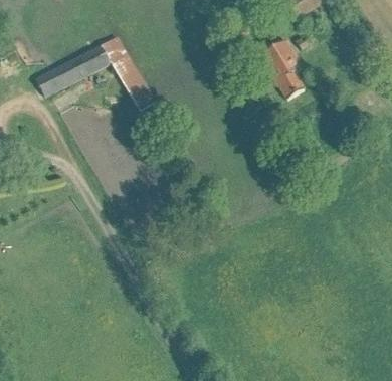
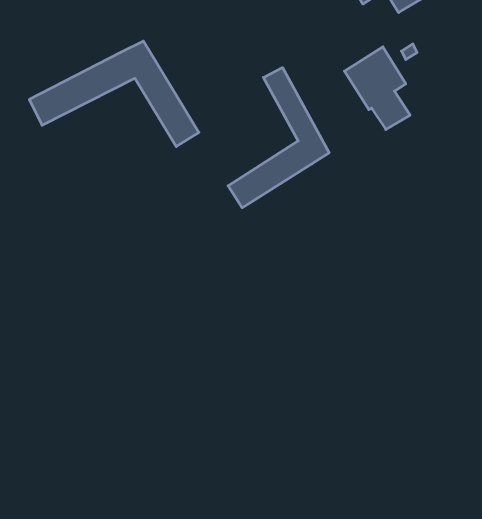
building: none -> [228,68,329,208]

